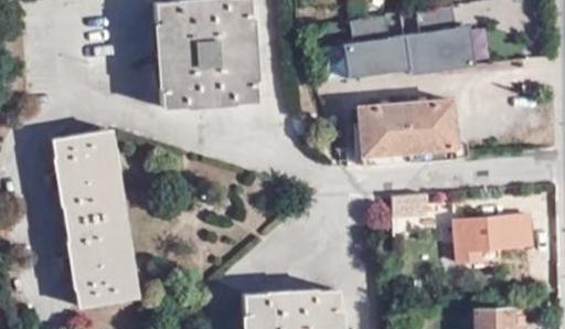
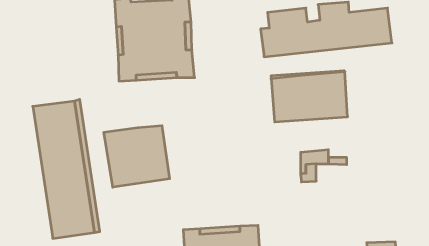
building: none -> [104,126,170,187]
building: [456,217,532,269] -> none

